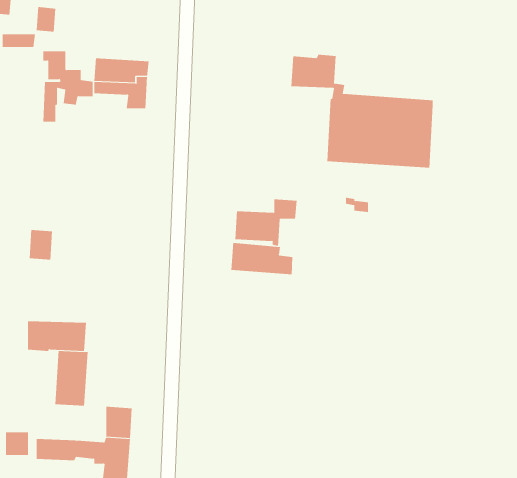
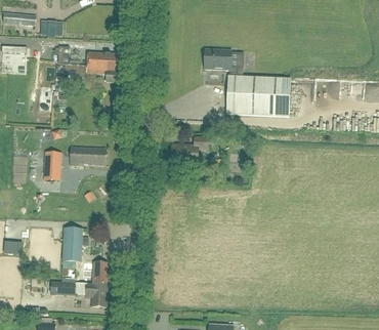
building: [231,242,293,275] -> none
building: [27,321,87,351] -> [71,147,107,165]

